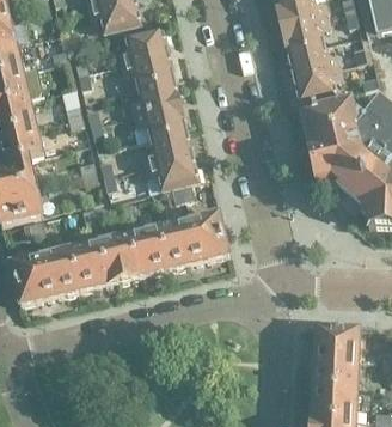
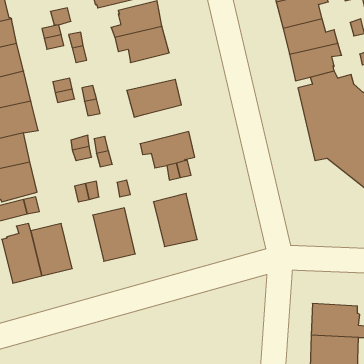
building: [130,77,180,114] -> none
building: [142,128,194,166] -> none
building: [191,211,229,261] -> none
building: [130,224,170,275] -> none
building: [68,237,110,289] -> none

